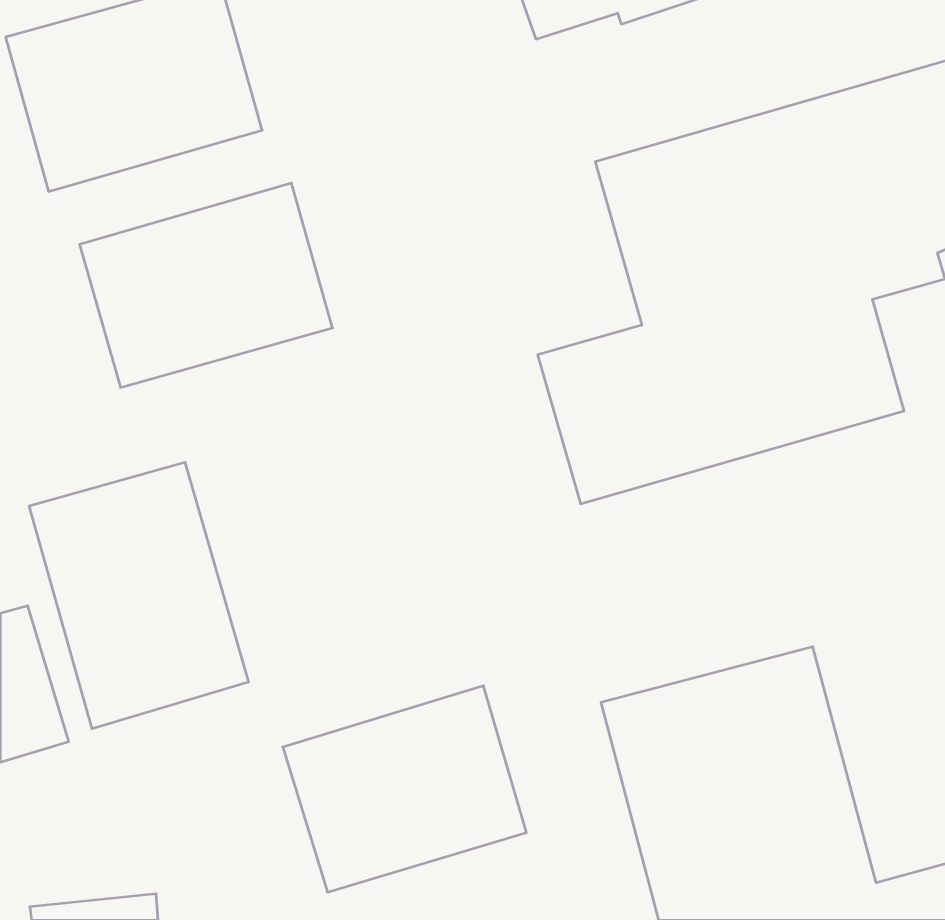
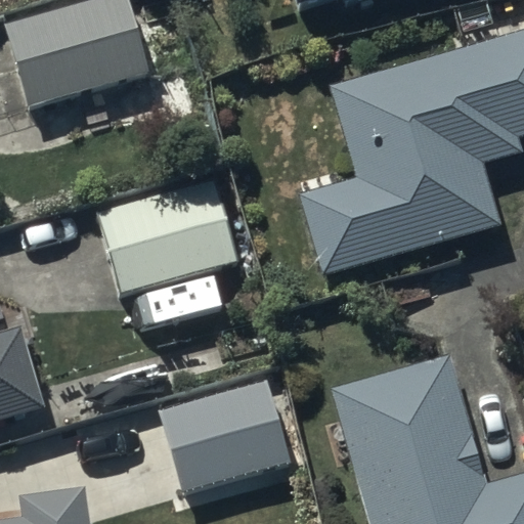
building: [80,183,333,387] -> [99,180,238,293]
building: [29,462,248,729] -> none

